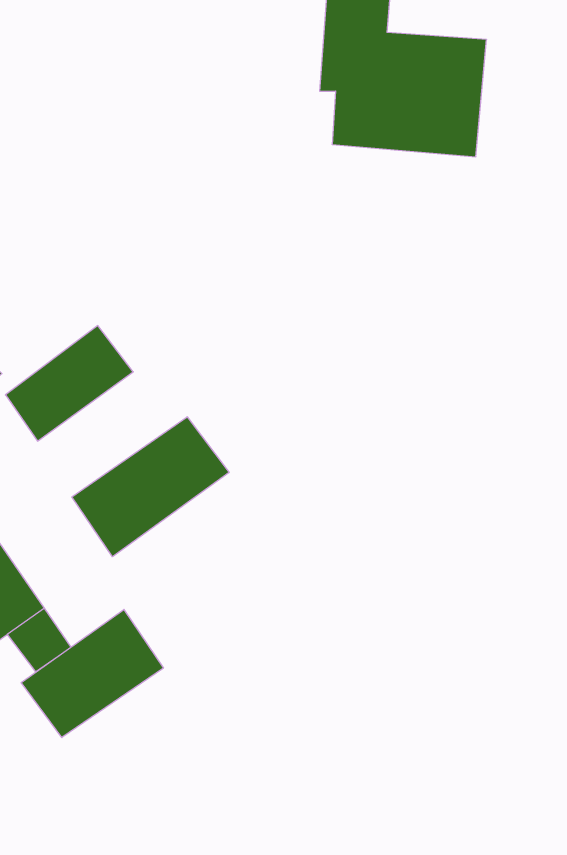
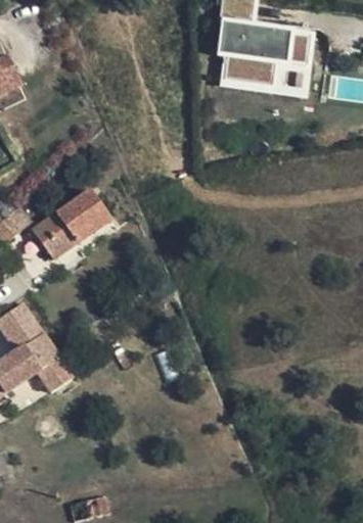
building: [72,417,229,557] -> none
building: [21,609,163,738] -> none

